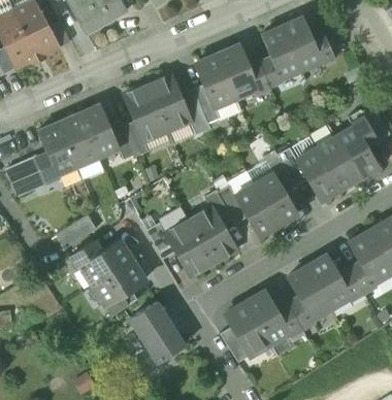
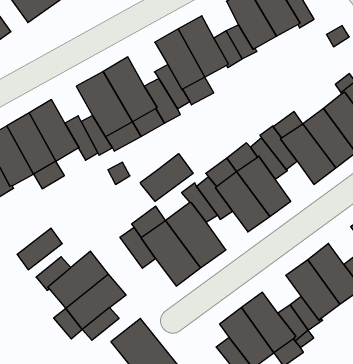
building: none -> [140,154,193,201]

